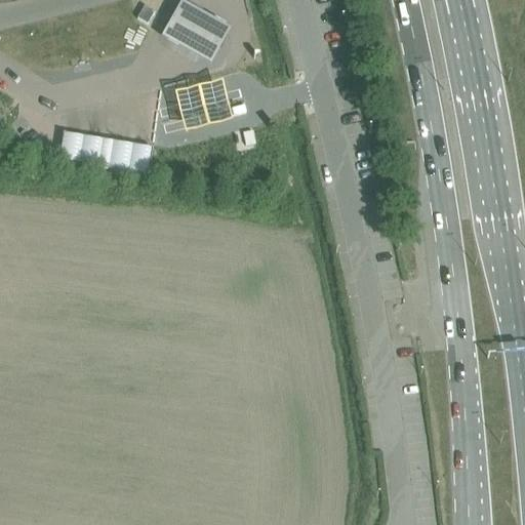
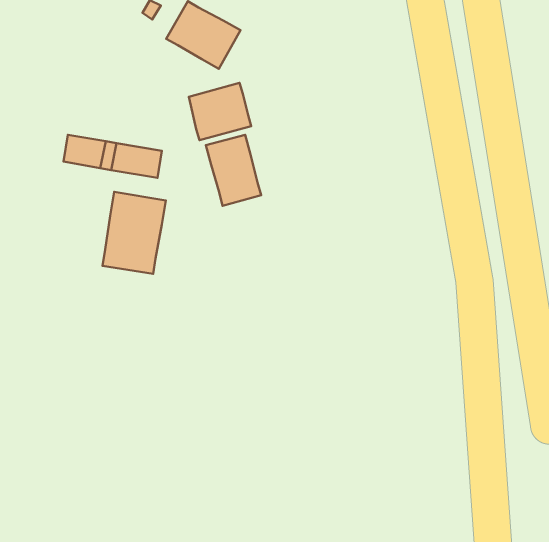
building: none -> [206,135,261,206]
building: none -> [102,192,166,274]

